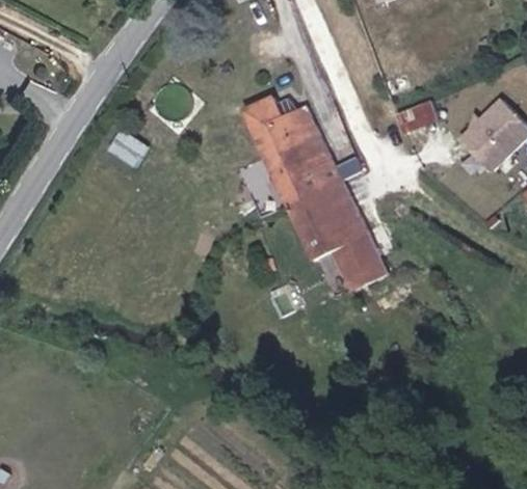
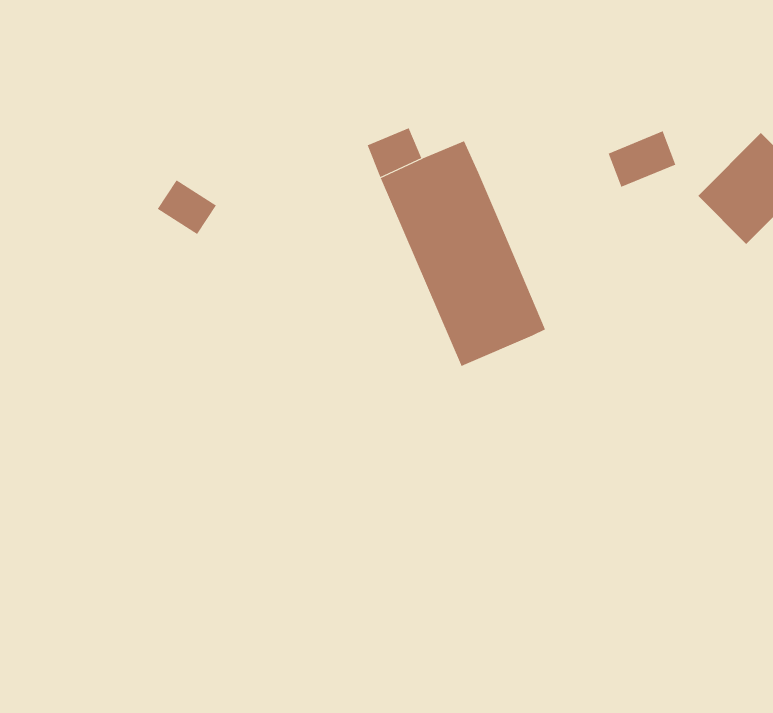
building: [308,225,380,289] -> none

